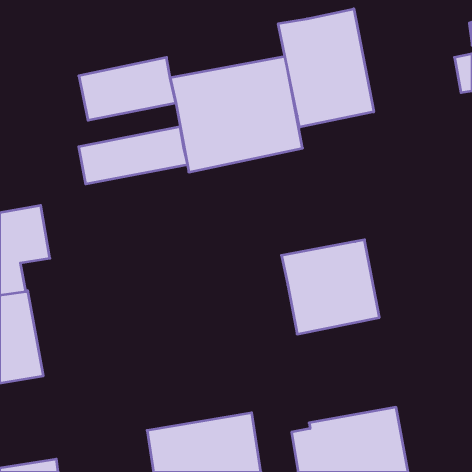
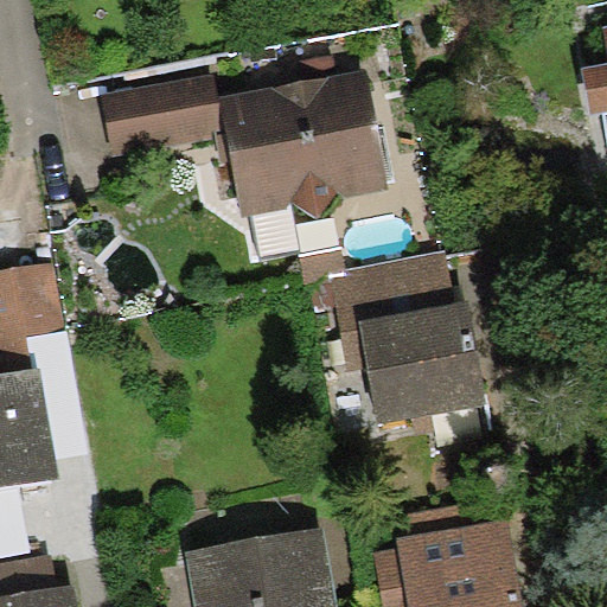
building: [278,9,374,127] -> none
building: [79,126,187,184] -> none
building: none -> [330,251,455,370]

